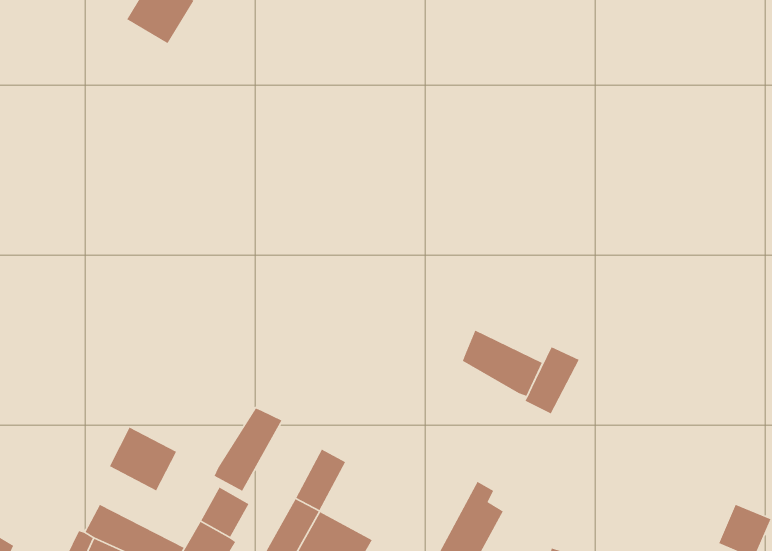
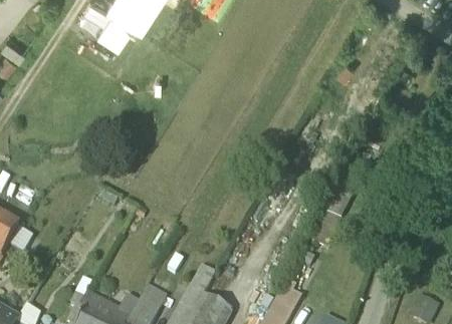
building: [462,330,543,397] -> none
building: [213,408,282,492] -> none
building: [109,426,177,492] -> none

